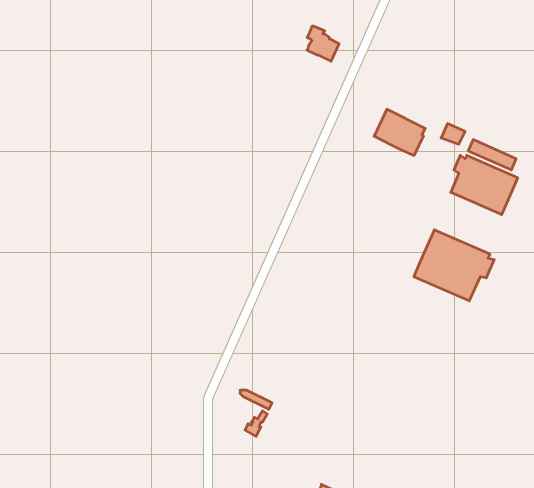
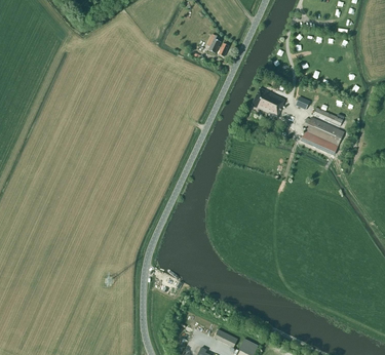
building: [414,230,494,301] -> none

